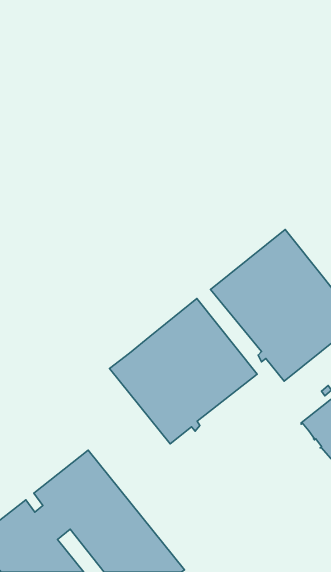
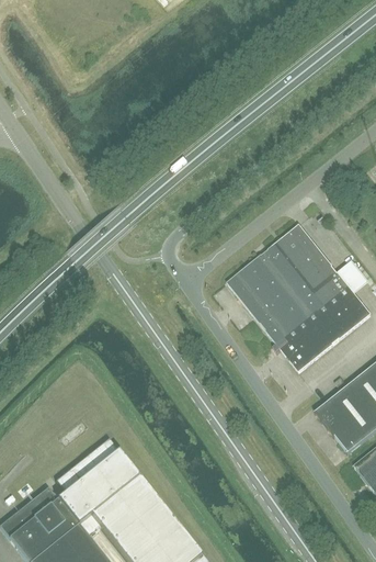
building: [110,299,257,444] -> none

